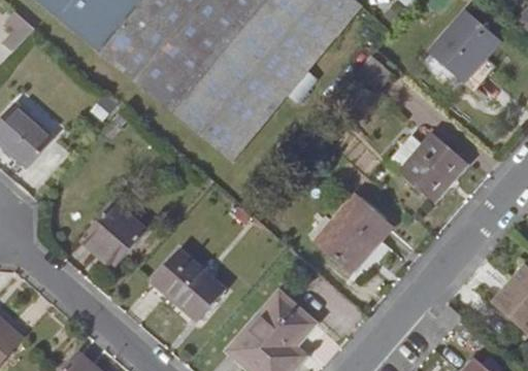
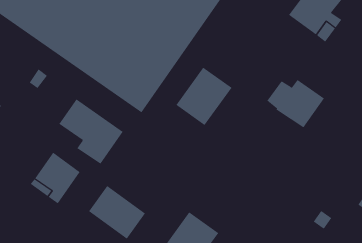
building: none -> [59,99,124,165]
building: [316,195,390,270] -> [176,67,232,126]

